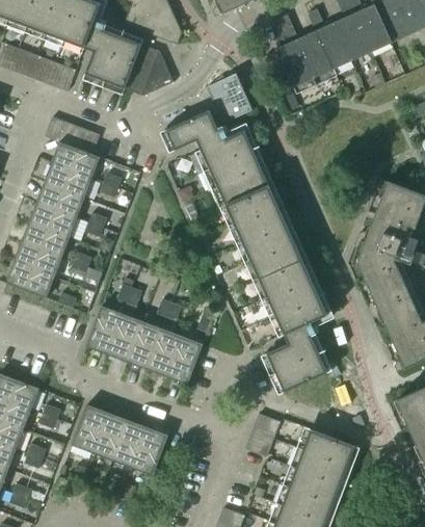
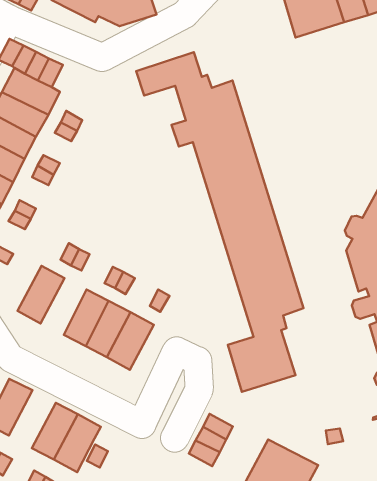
building: [207,73,253,123] -> none
building: [107,313,142,361] -> none
building: [91,411,128,459] -> none

